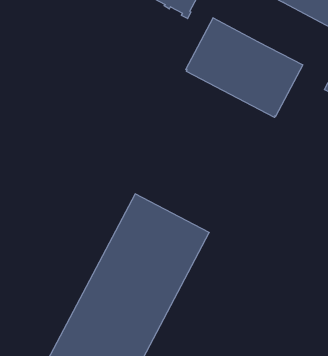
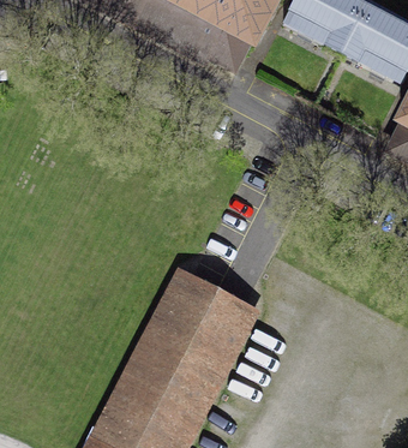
building: [186,18,303,117] -> none

